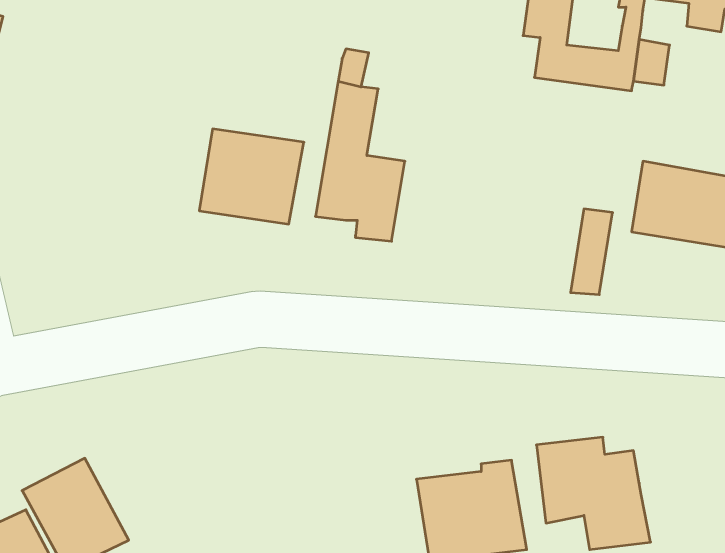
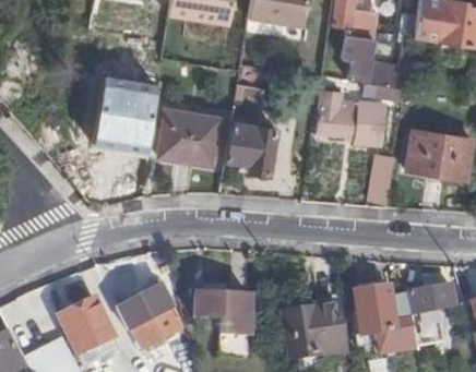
building: none -> [91,73,155,154]
building: none -> [319,91,392,148]
building: none -> [406,284,455,313]
building: none -> [116,286,181,348]
building: none -> [194,291,250,335]

